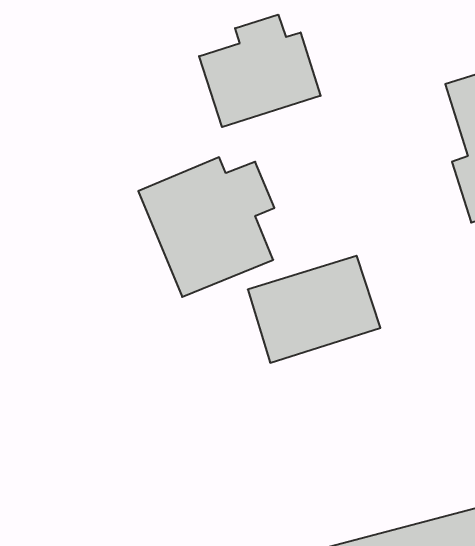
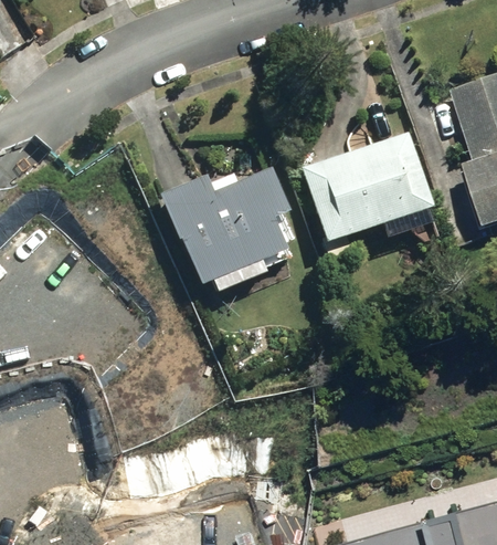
building: [199,15,321,127] -> none
building: [248,256,380,363] -> [299,136,430,241]

